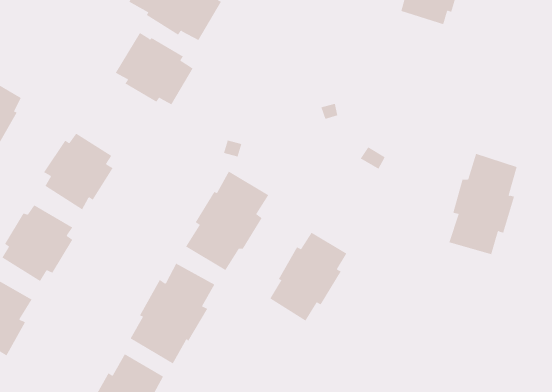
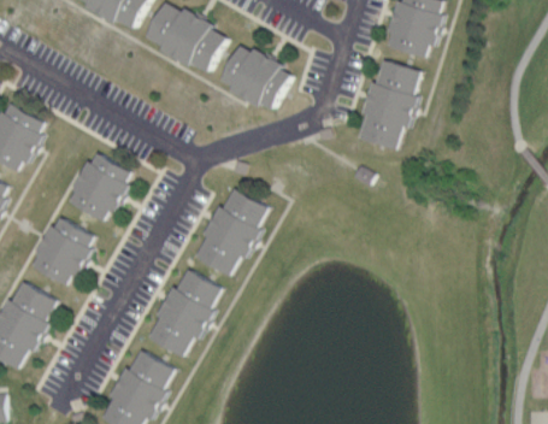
building: [115,32,193,105] -> [219,43,289,108]
building: [448,153,517,255] -> [358,59,419,149]
building: [269,232,347,321] -> none

